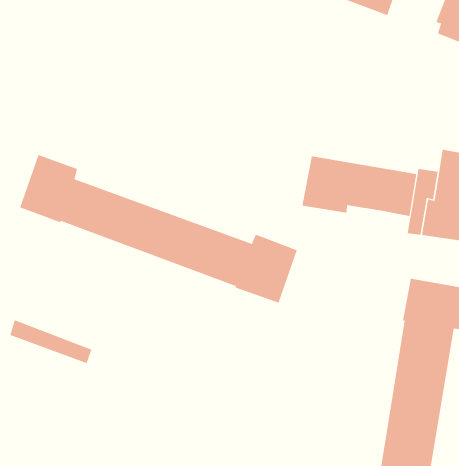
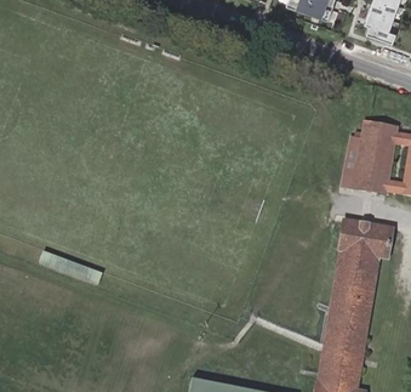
building: [19,154,298,303] -> none
building: [302,156,417,217] -> none

